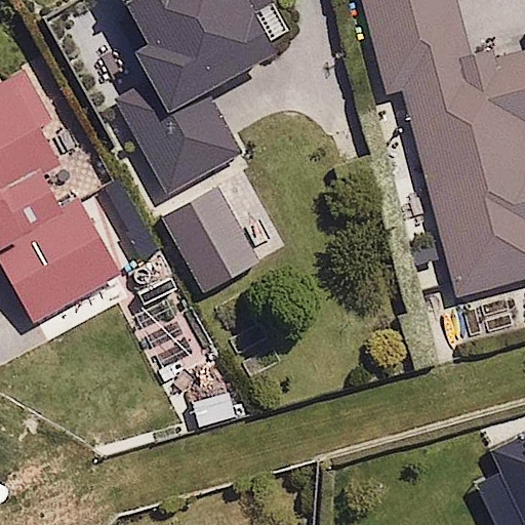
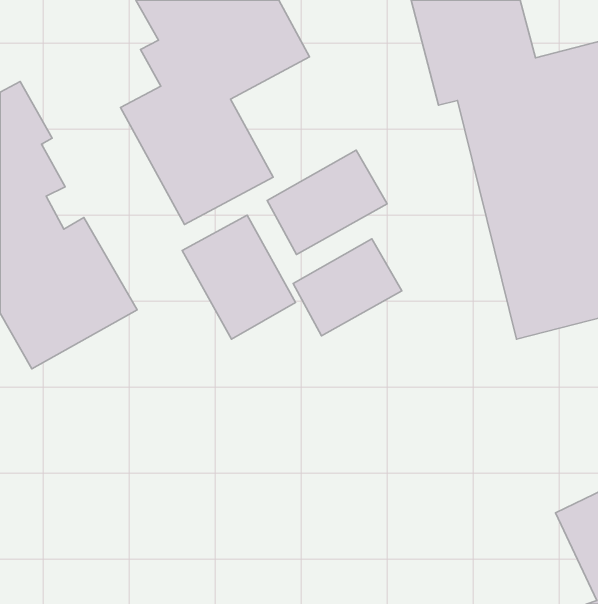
building: none -> [267,150,387,255]
building: none -> [293,239,402,336]

